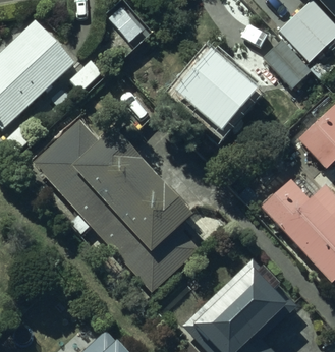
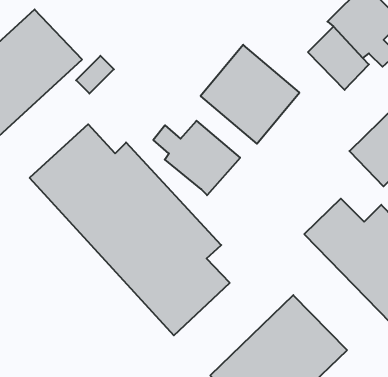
building: none -> [153,121,240,195]

